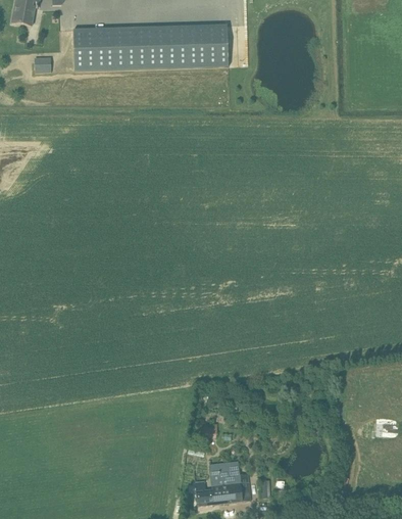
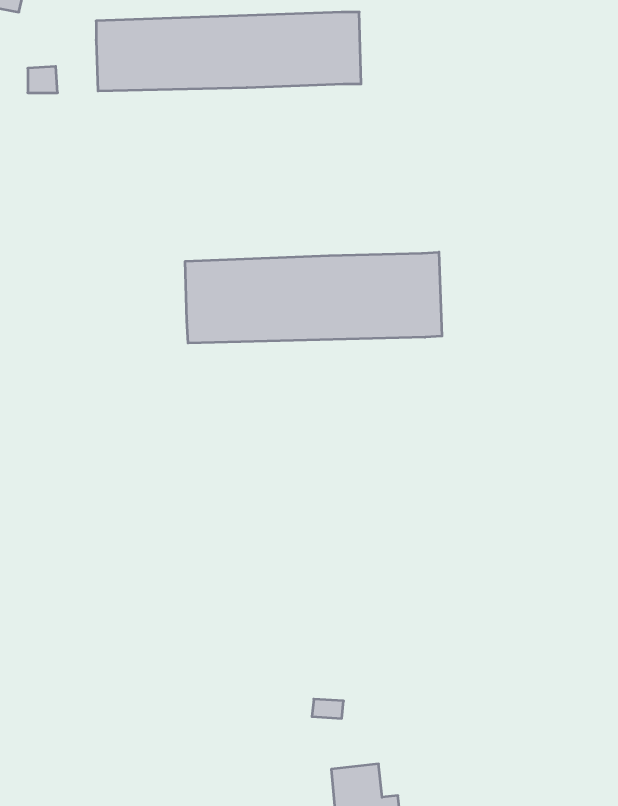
building: none -> [185,252,442,343]

